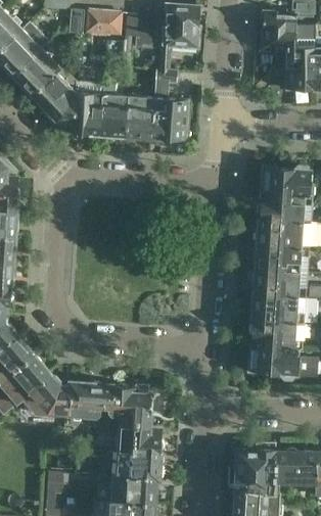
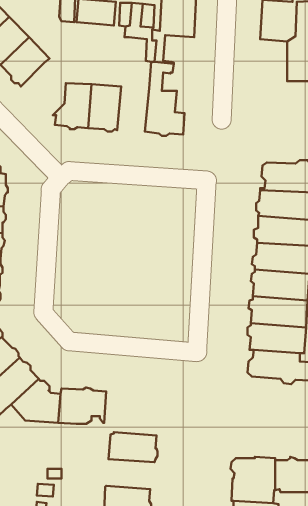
building: [31,73,74,123] -> none
building: [123,95,153,140] -> none
building: [110,383,150,427] -> none
building: [112,451,161,479] -> none

